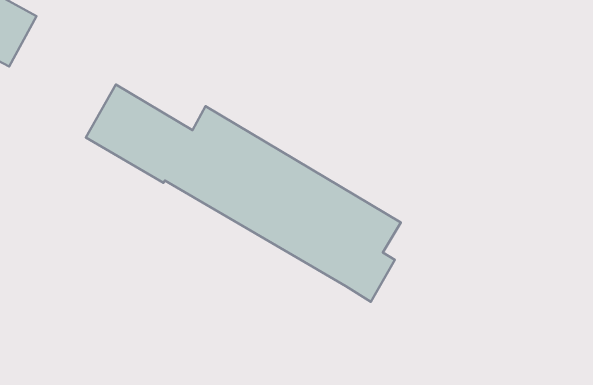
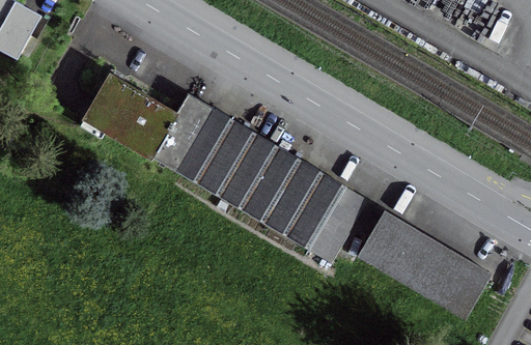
building: none -> [357,209,492,319]

